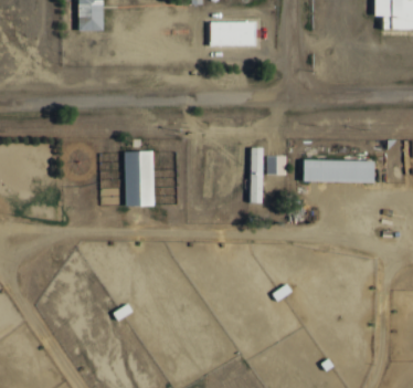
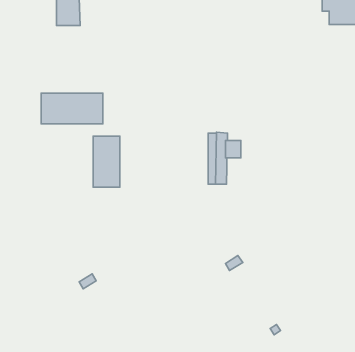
building: [218,21,264,45] -> none
building: none -> [41,93,103,124]
building: [301,160,372,182] -> none

